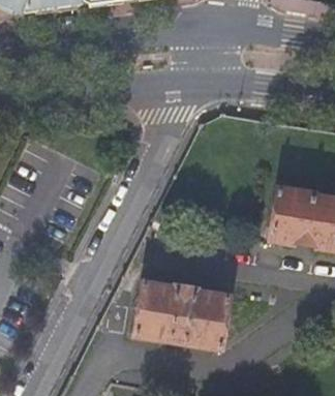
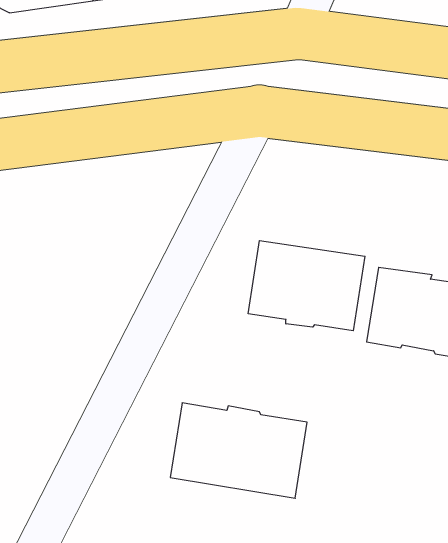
building: none -> [248,241,365,331]

